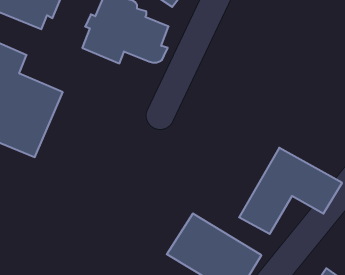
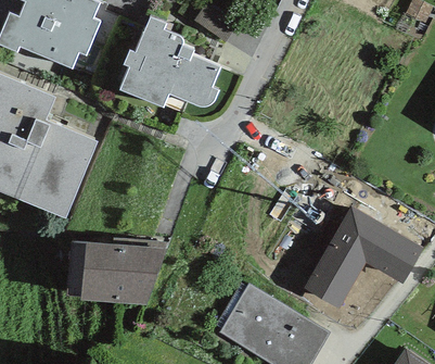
building: none -> [67,238,167,304]

